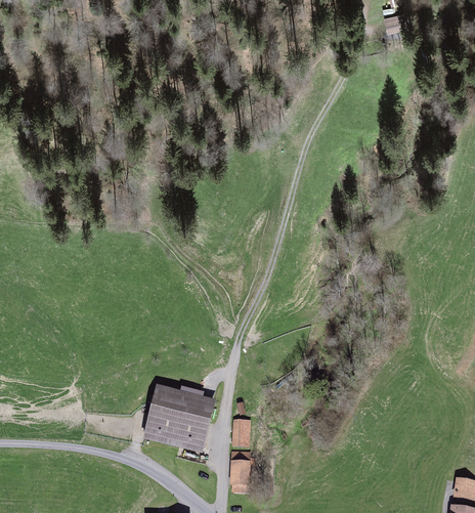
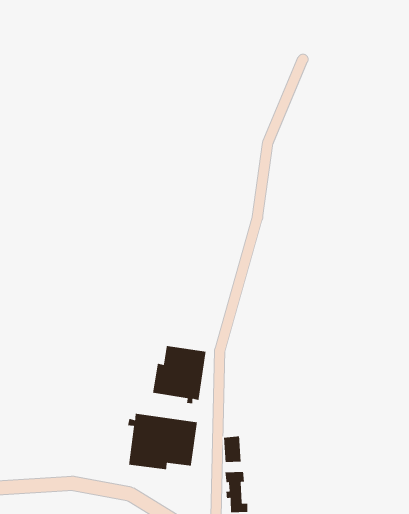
building: none -> [152,345,206,404]

